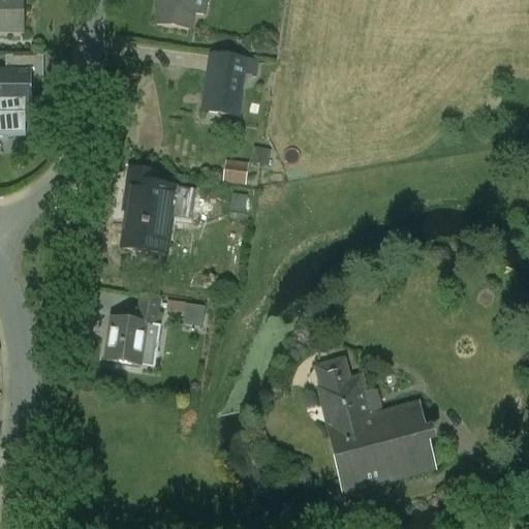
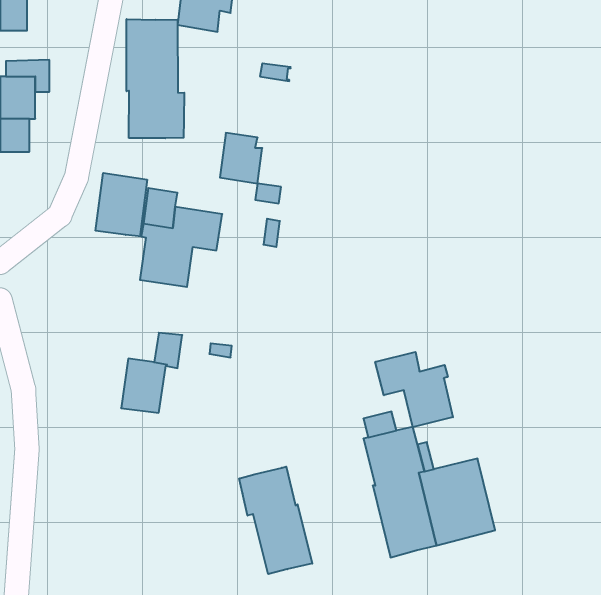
building: none -> [127,19,184,138]
building: [204,69,241,114] -> [220,133,262,183]
building: none -> [96,173,147,236]
building: none -> [375,352,453,427]
building: none -> [239,467,312,574]

